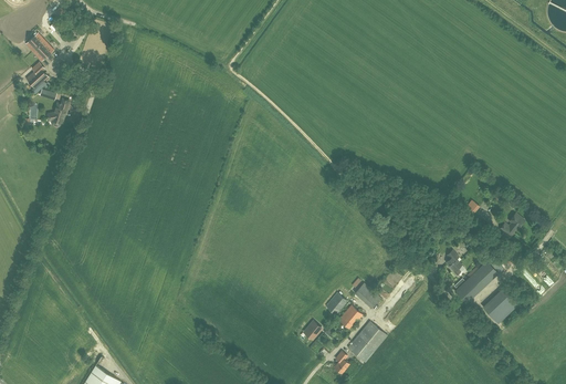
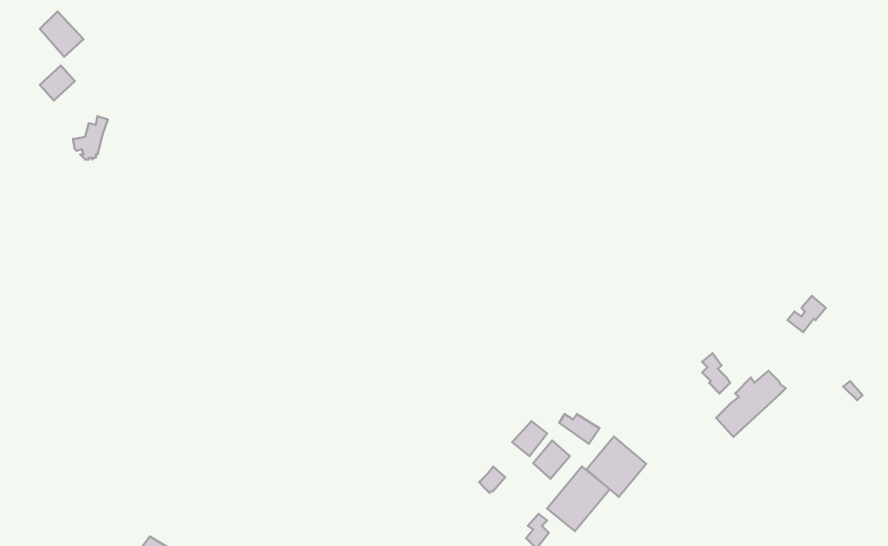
building: [482,287,518,322] -> none
building: none -> [587,437,646,497]

